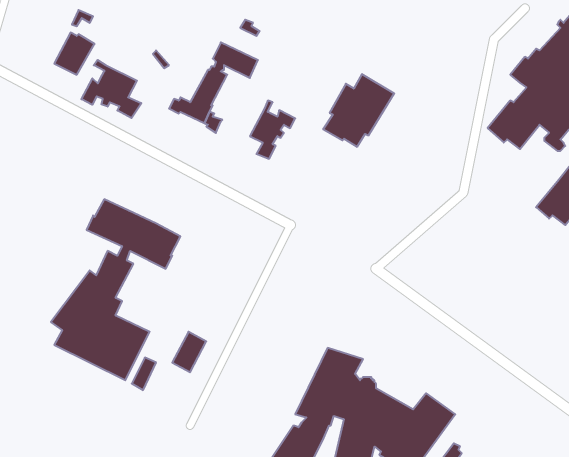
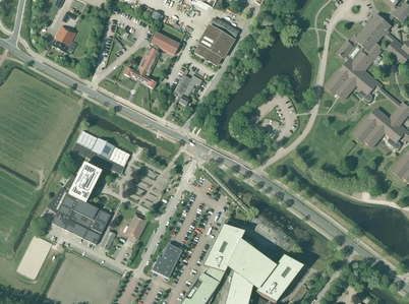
building: [81,60,141,118] -> none
building: [323,74,394,147] -> [194,18,239,64]
building: none -> [152,243,182,278]

